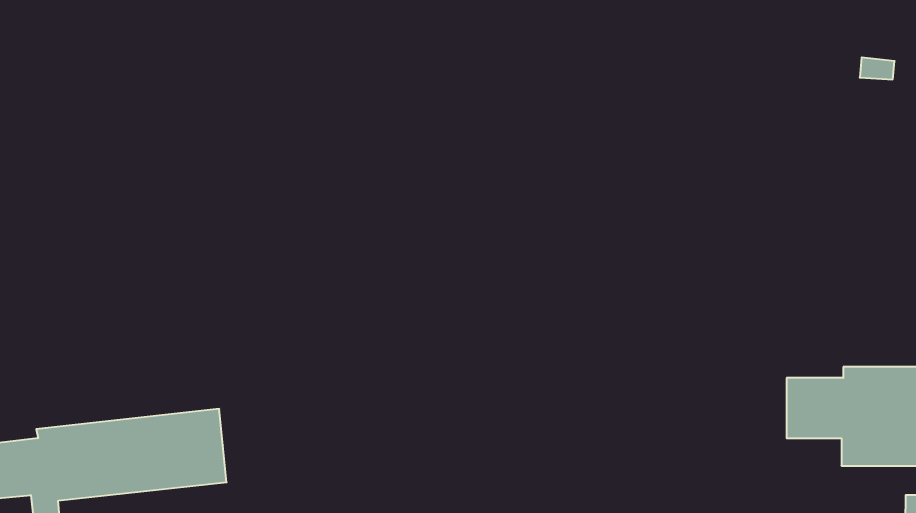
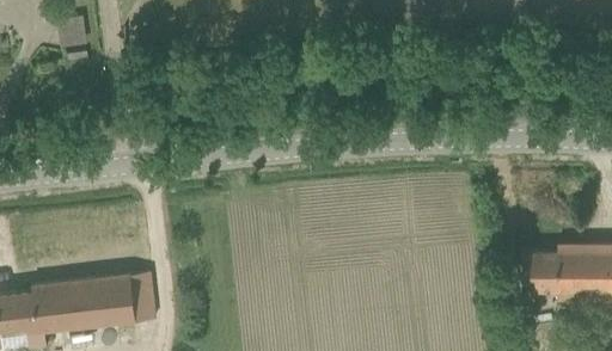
building: none -> [55,16,85,45]

